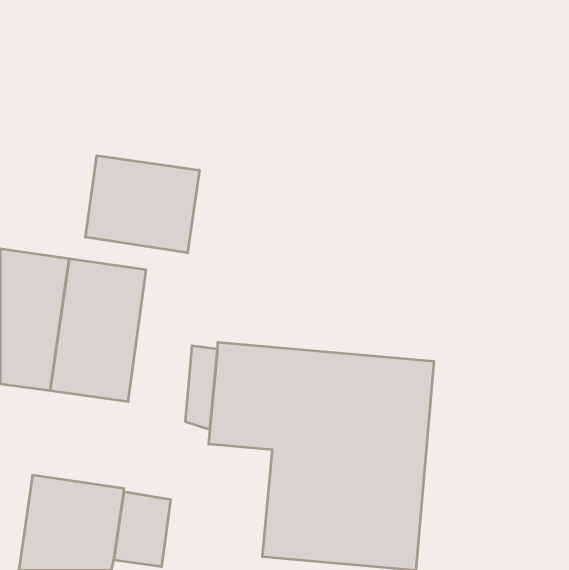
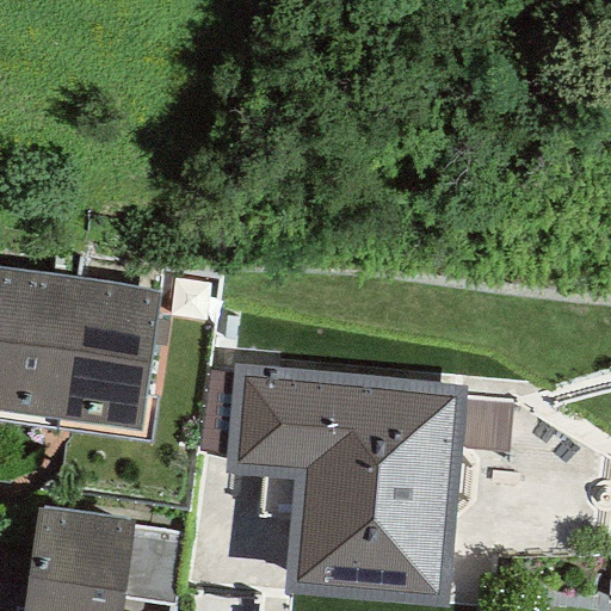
building: [85,156,199,253] -> none

